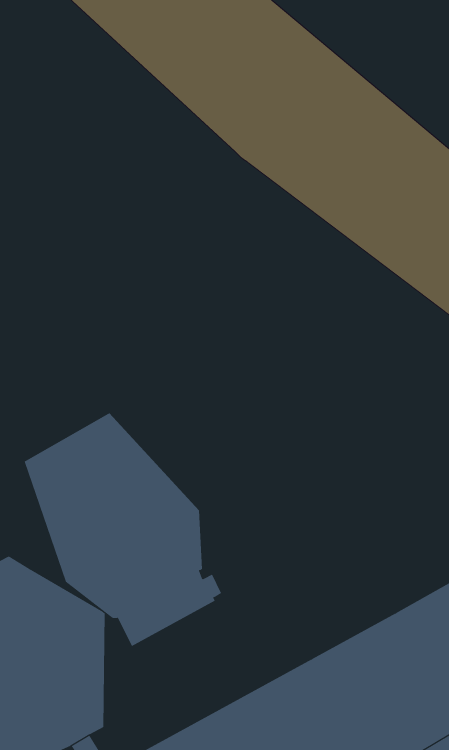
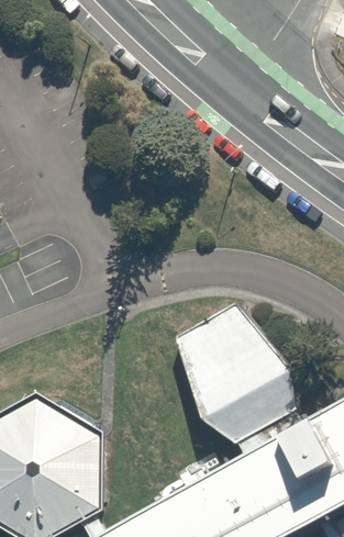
building: [24,412,222,647] -> [173,303,310,466]

